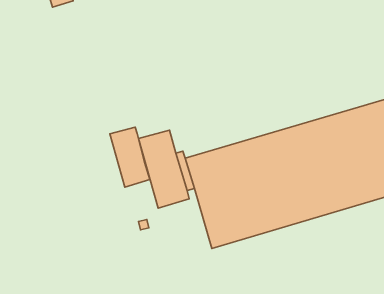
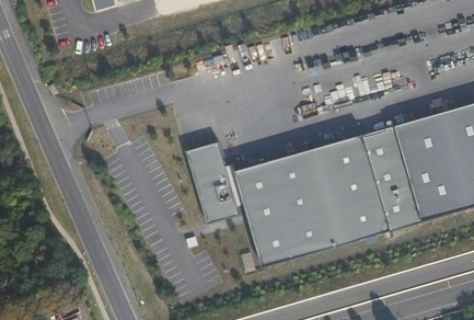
building: [110,127,150,187] -> none

